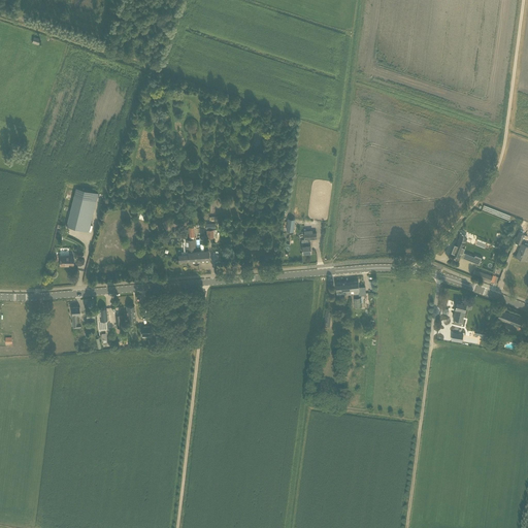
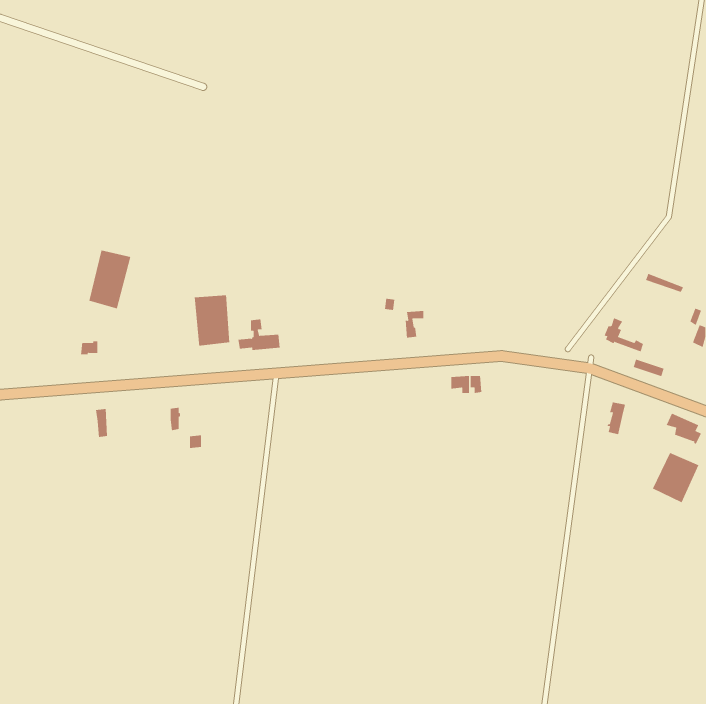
building: none -> [194,295,230,346]
building: none -> [652,452,699,503]

